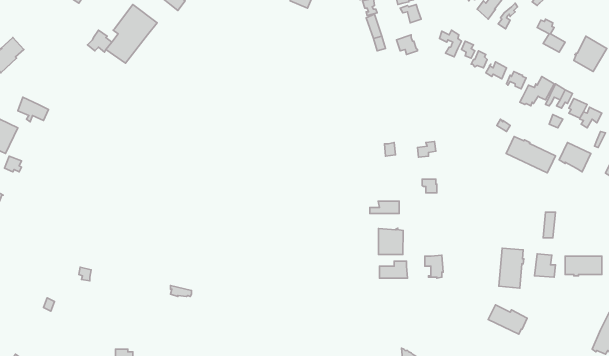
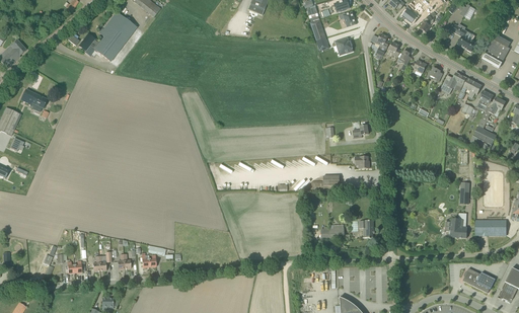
building: [506,136,555,173] -> none
building: [378,228,403,254] -> none
building: [499,248,524,288] -> none
building: [488,305,527,334] -> [462,267,495,292]

